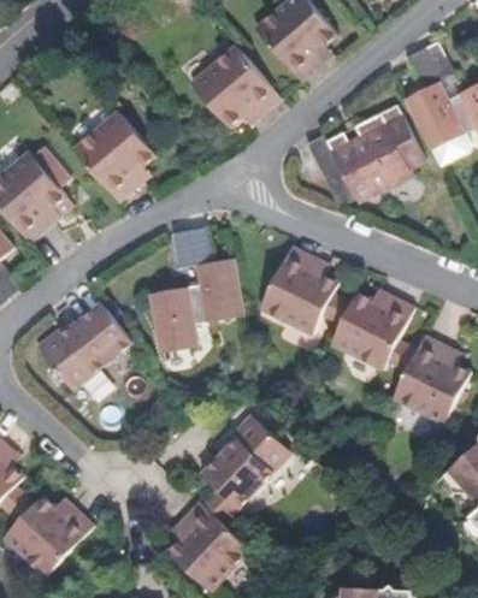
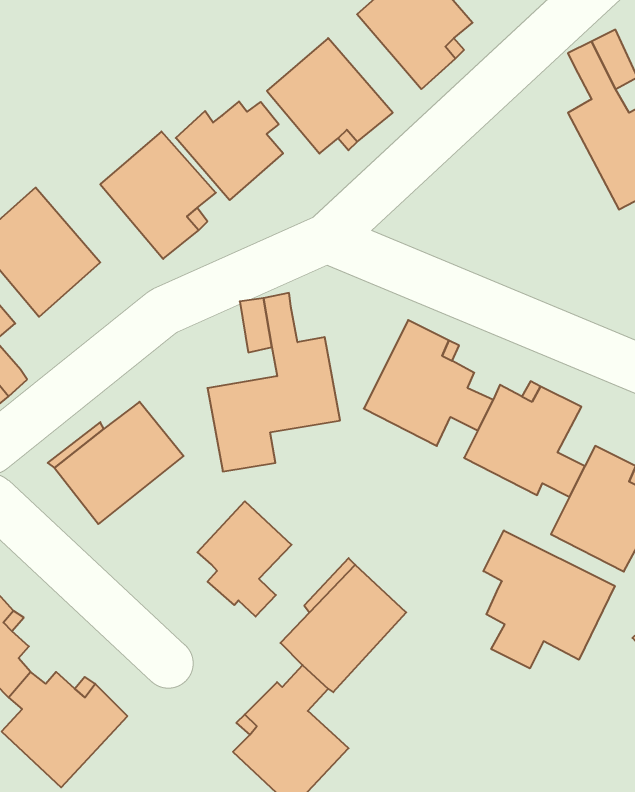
building: none -> [176,101,283,200]
building: [306,112,412,207] -> none
building: none -> [197,501,292,617]
building: none -> [483,530,615,668]

